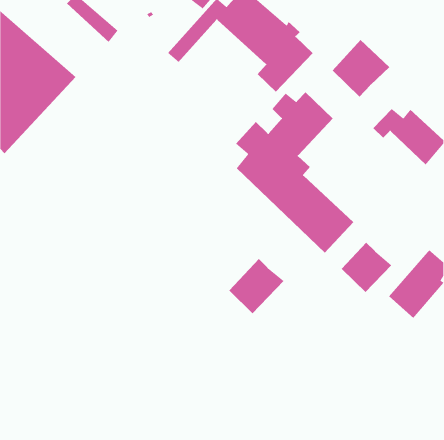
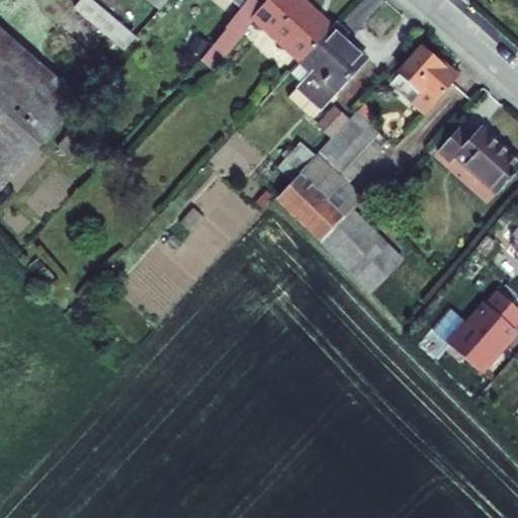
building: [341,242,392,293] -> none
building: [229,258,284,314] -> none

